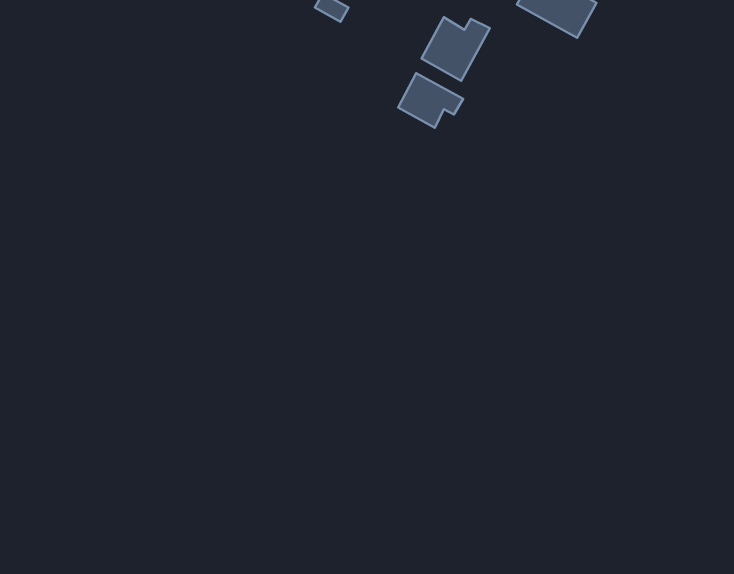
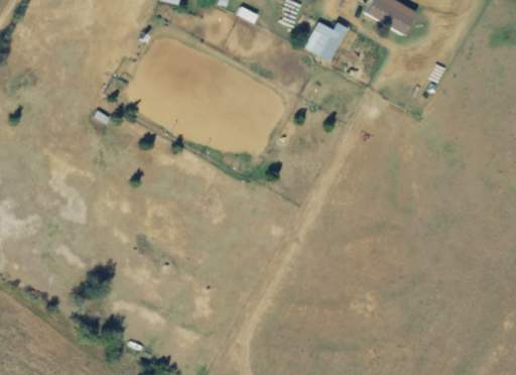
building: [398,73,463,128] -> none

